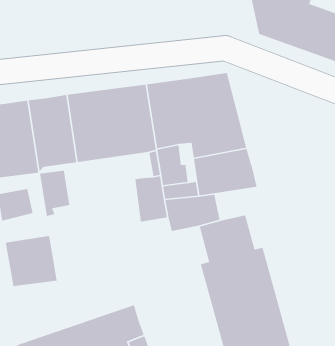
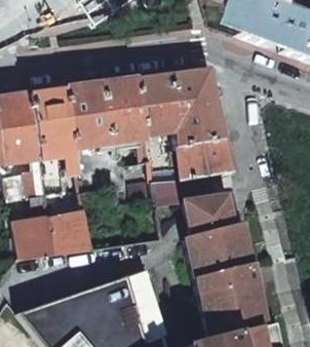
building: none -> [53,209,96,254]

